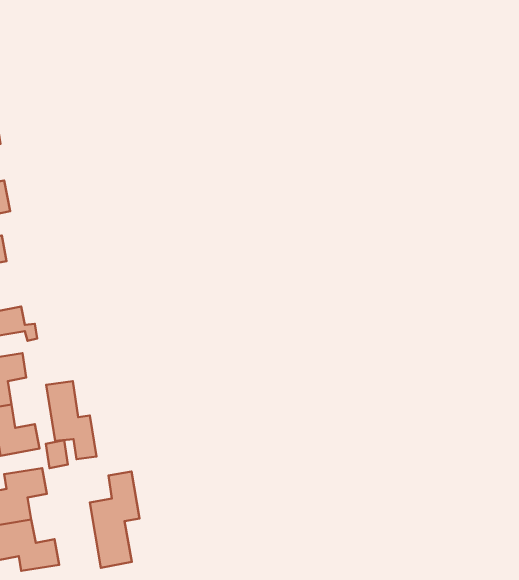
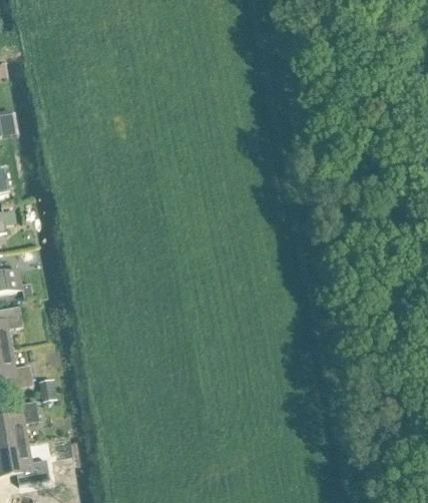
building: [46,381,97,459] -> none
building: [90,471,140,568] -> none

